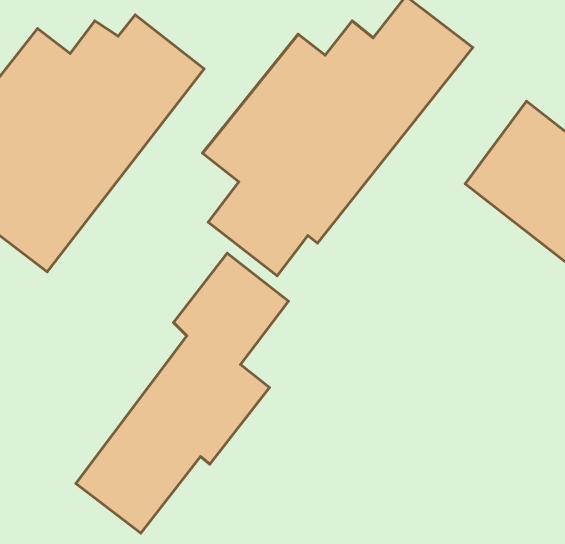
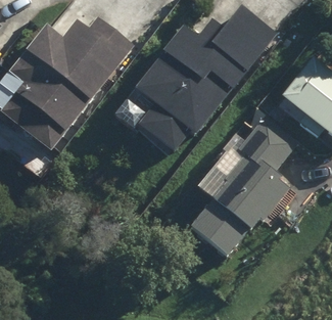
building: [76,253,289,533] -> [180,117,293,266]

